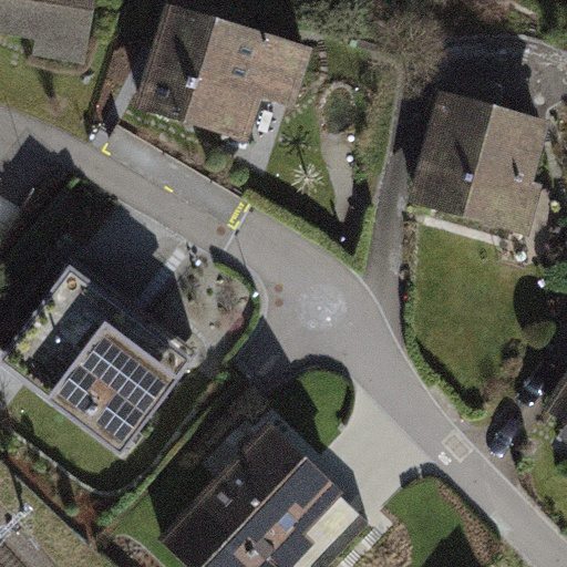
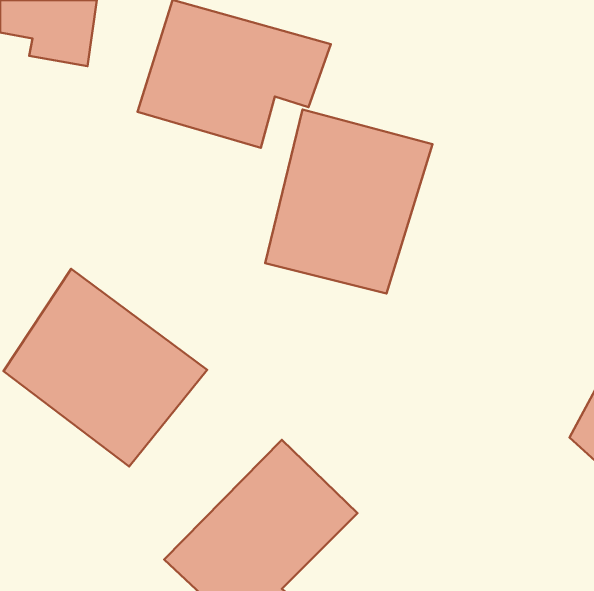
building: [410,89,553,236] -> none
building: none -> [265,109,432,294]

